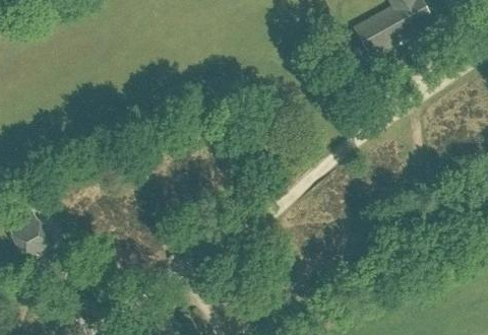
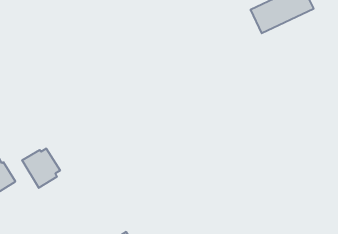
building: none -> [22,148,60,188]

